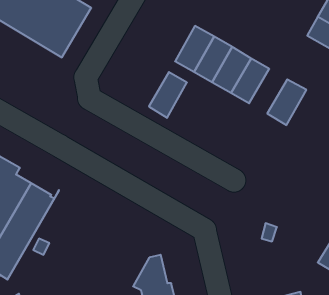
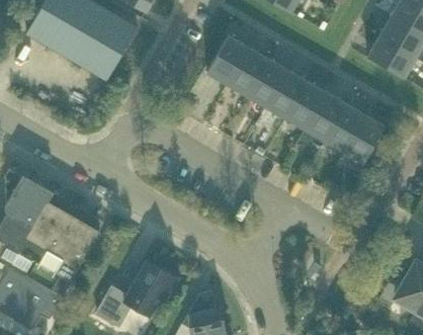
building: none -> [306,93,346,141]
building: [149,72,187,118] -> [207,36,248,85]
building: none -> [345,115,386,164]
building: none -> [97,262,179,328]

